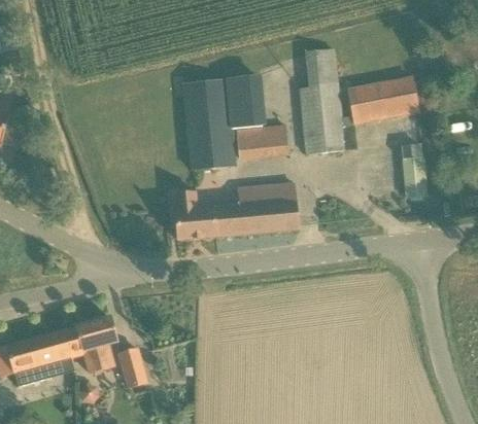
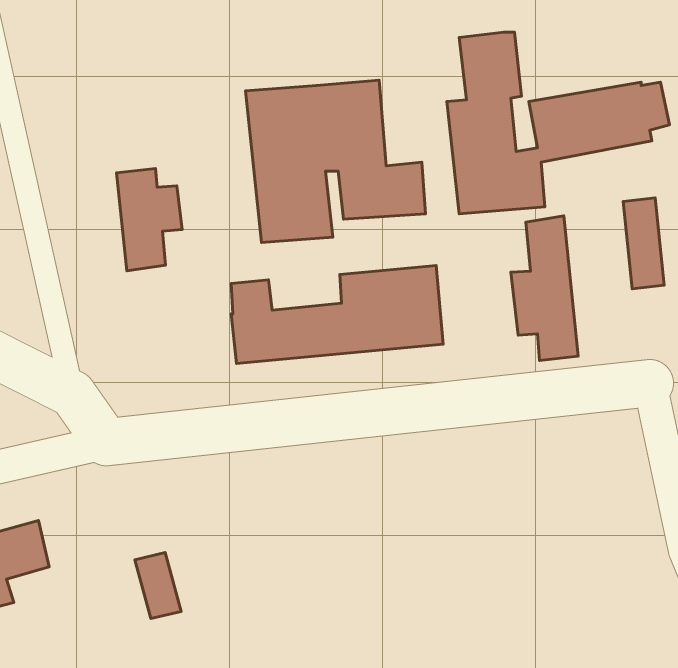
building: none -> [116,169,182,271]
building: none -> [511,216,578,361]
building: [64,317,116,373] -> none

